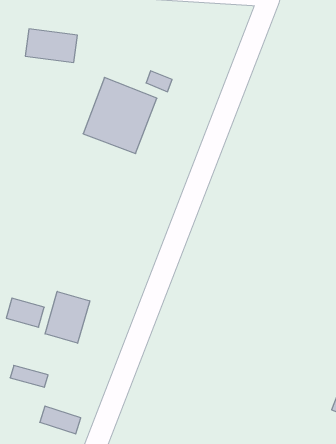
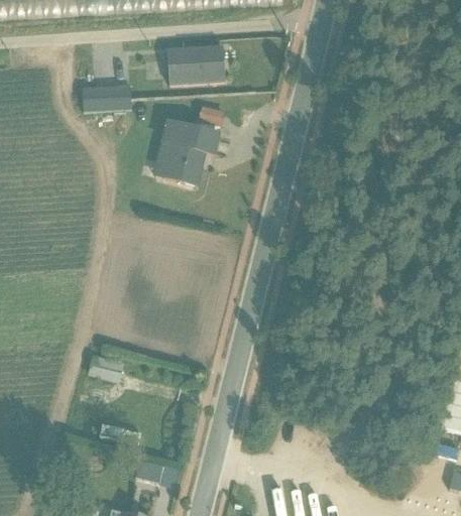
building: none -> [169,43,225,90]
building: [45,291,90,343] -> none

